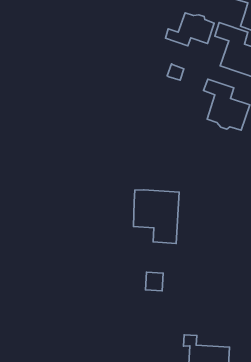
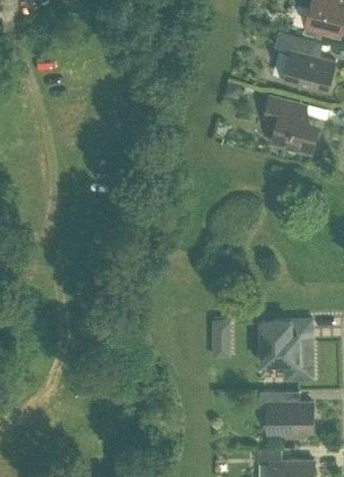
building: [165,13,214,46] -> none
building: [134,190,179,243] -> [262,320,312,379]

